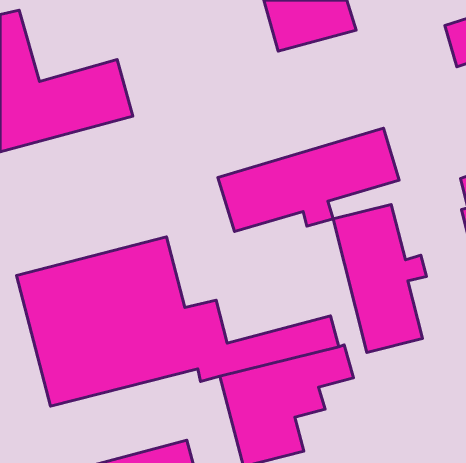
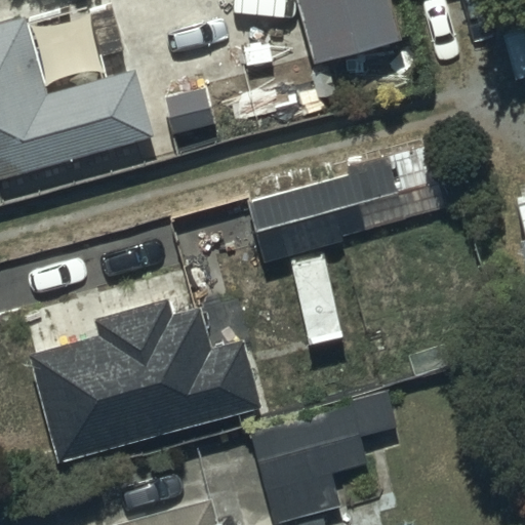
building: [333,204,427,352] -> none

